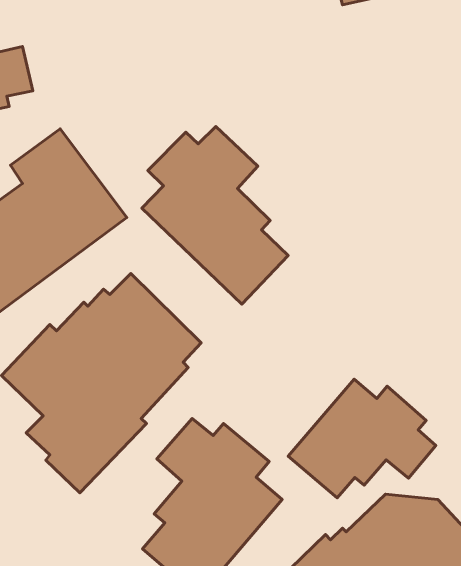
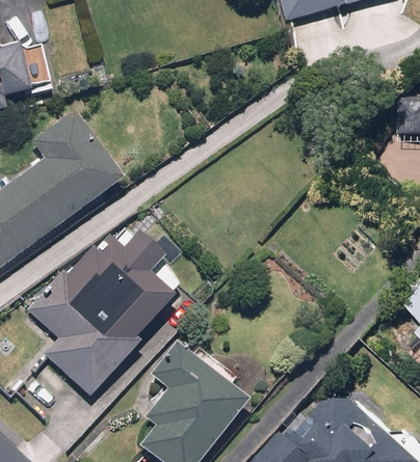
building: [142,127,288,304] -> none
building: [288,379,436,498] -> none

